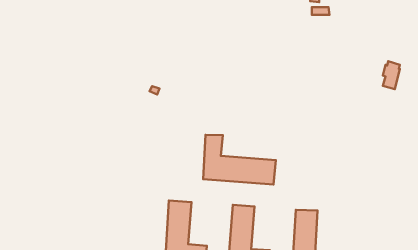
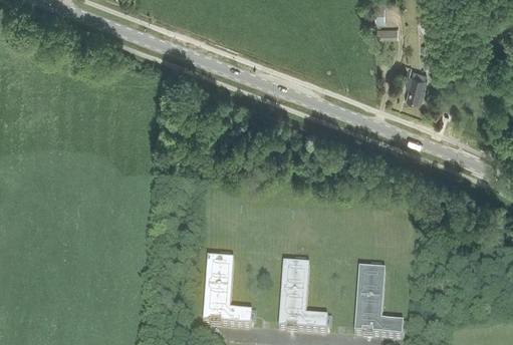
building: [383,61,400,89] -> [407,66,427,99]
building: [203,135,276,185] -> none

